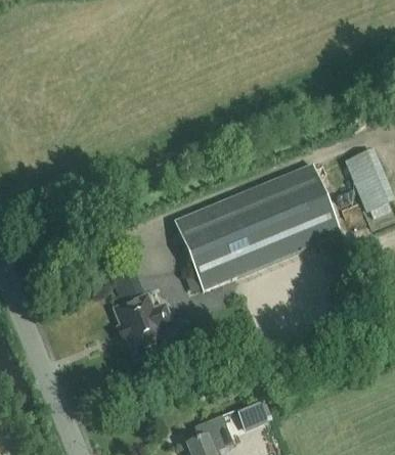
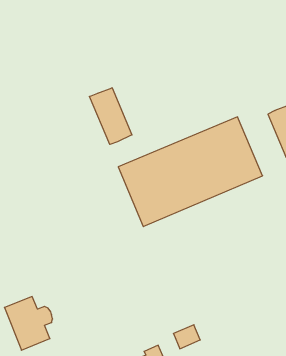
building: none -> [89,88,132,144]
building: [115,294,170,356] -> [4,297,53,350]

